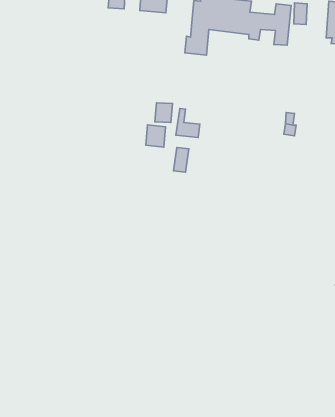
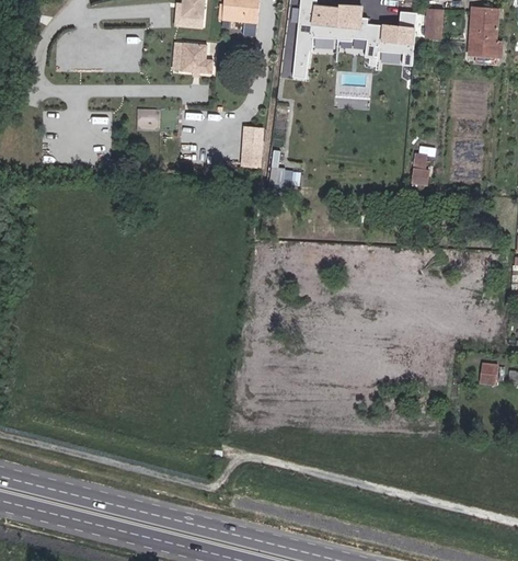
building: none -> [180,44,211,75]
building: [146,125,166,147] -> none
building: [173,148,189,172] -> none

